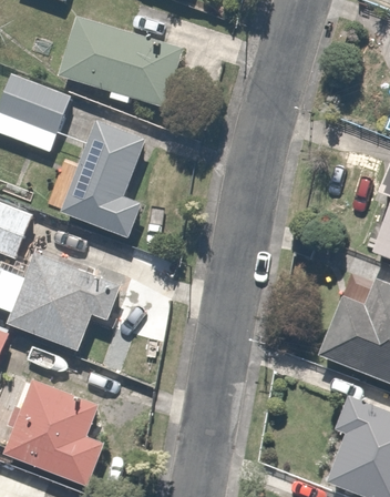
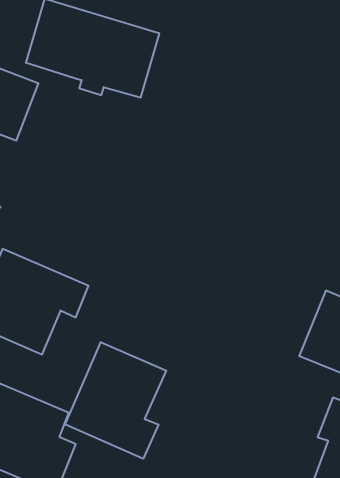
building: [63,121,145,236] -> none
building: none -> [65,342,166,459]

